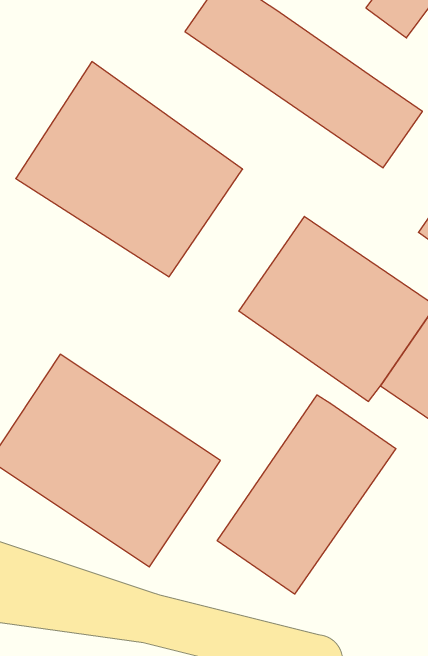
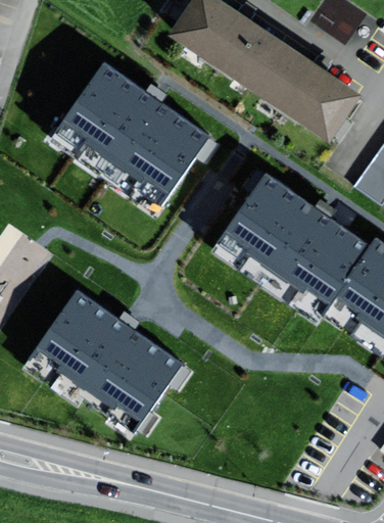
building: [217,395,396,594] -> none

